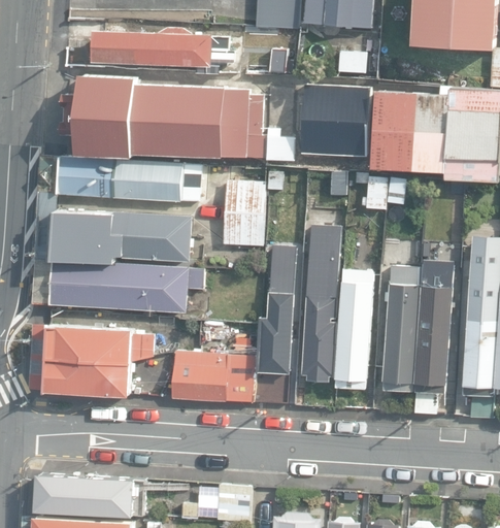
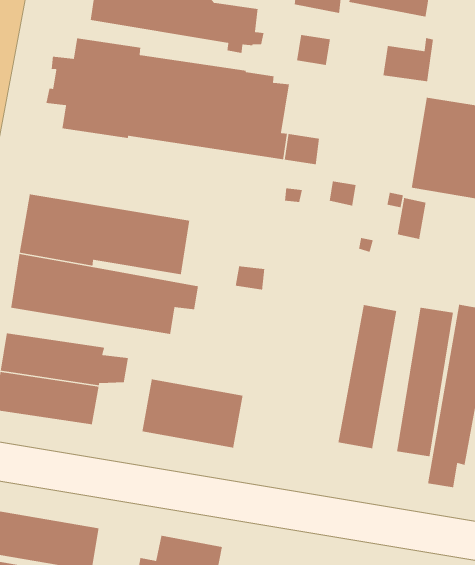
building: [300,87,369,155] -> none
building: [56,158,200,207] -> none
building: [223,182,265,248] -> none
building: [300,226,339,384] -> none
building: [257,246,295,375] -> none

